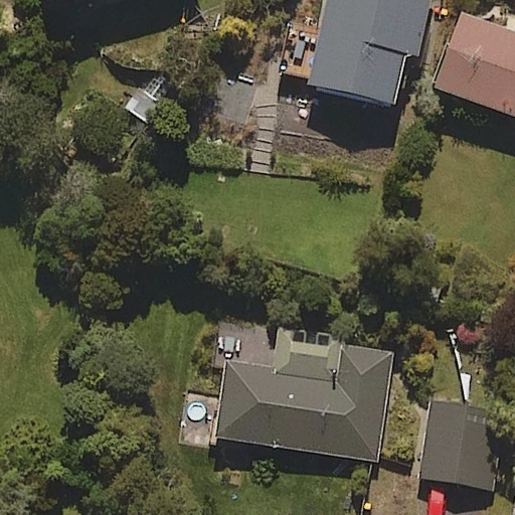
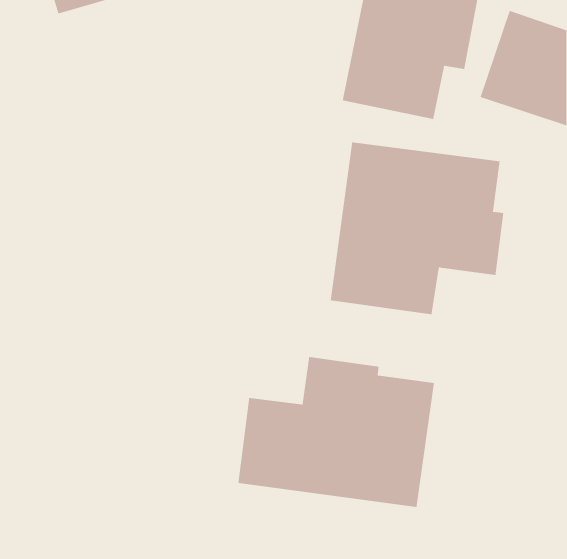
building: none -> [330,141,504,315]
building: [418,395,505,486] -> none

